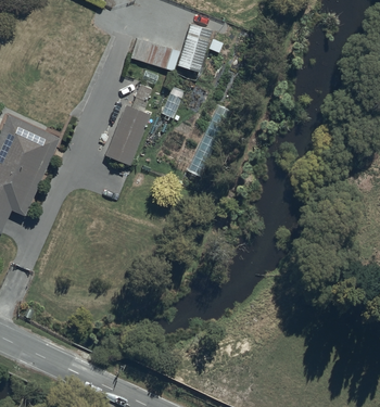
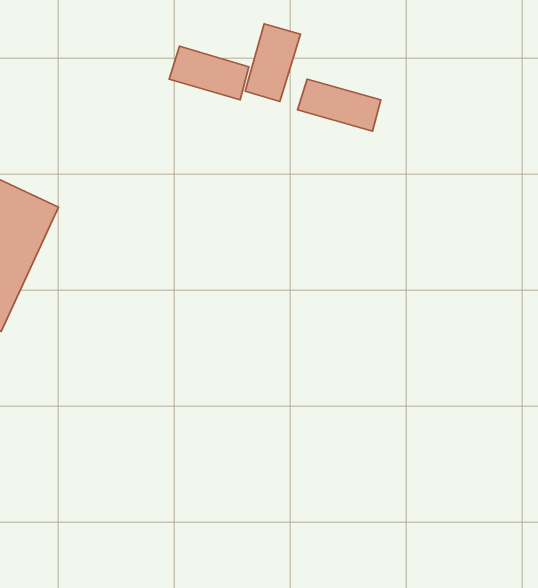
building: none -> [298,79,381,131]
building: [106,104,152,164] -> none

